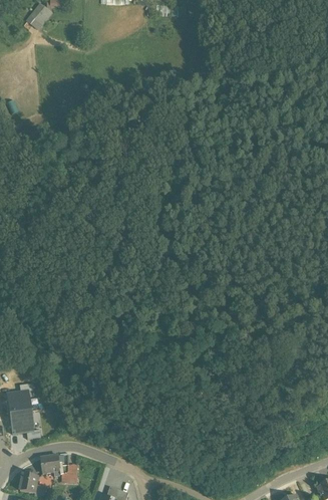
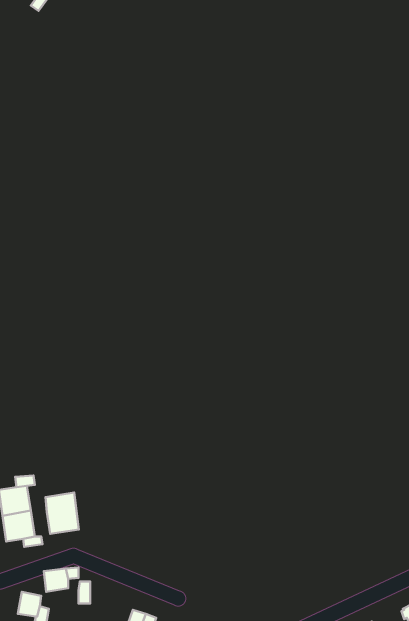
building: none -> [45,492,79,534]

